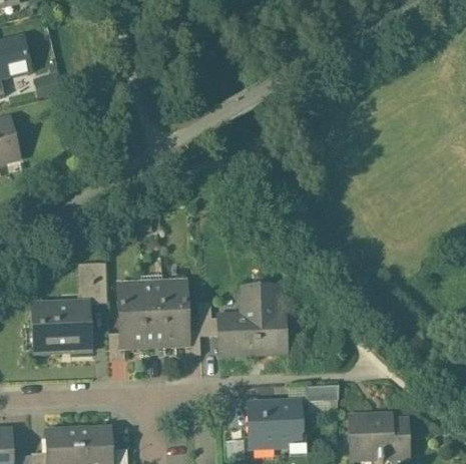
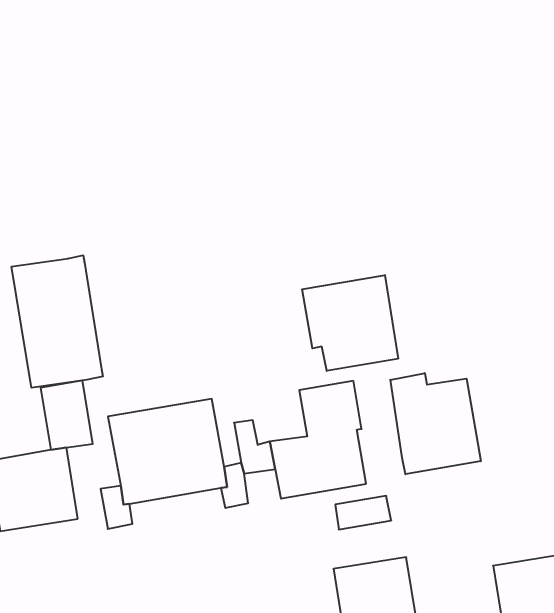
building: none -> [12,255,103,388]
building: none -> [302,275,398,371]
building: none -> [390,373,481,474]
building: [307,383,341,400] -> [335,496,391,529]

